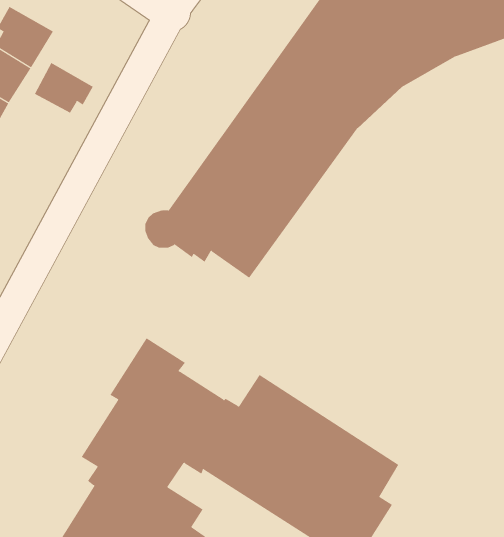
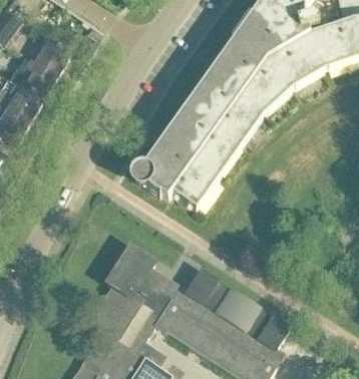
building: [34,62,94,114] -> none

